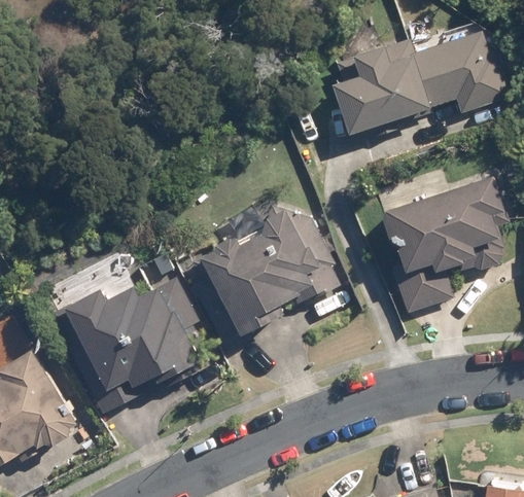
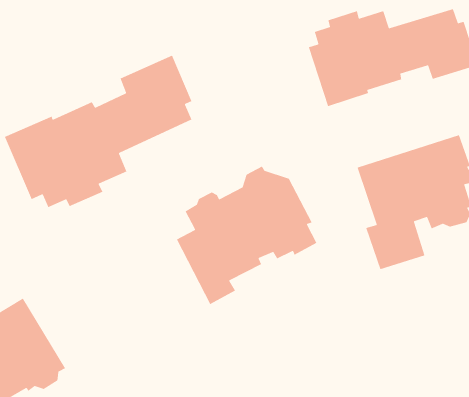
building: none -> [4,54,193,208]
building: [50,278,206,415] -> none

